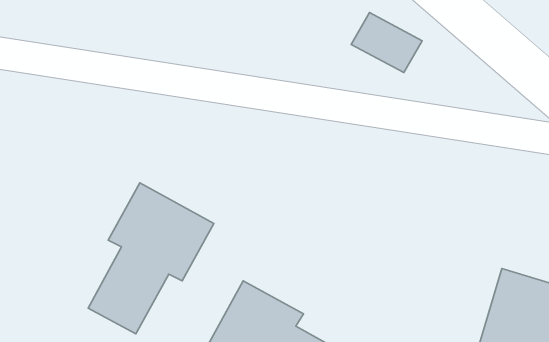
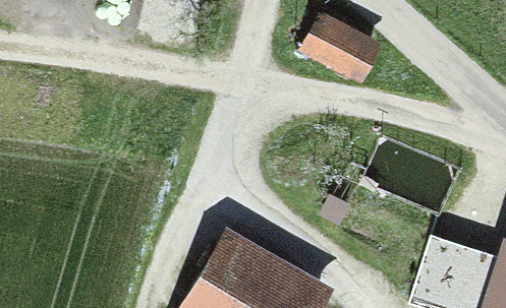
building: [88,183,214,334] -> none

